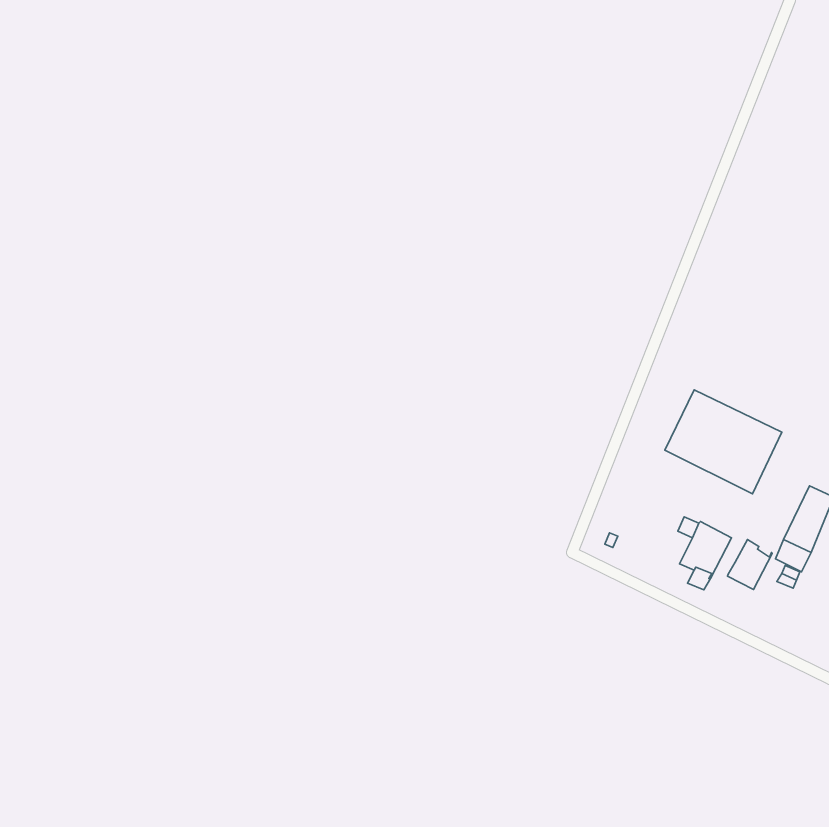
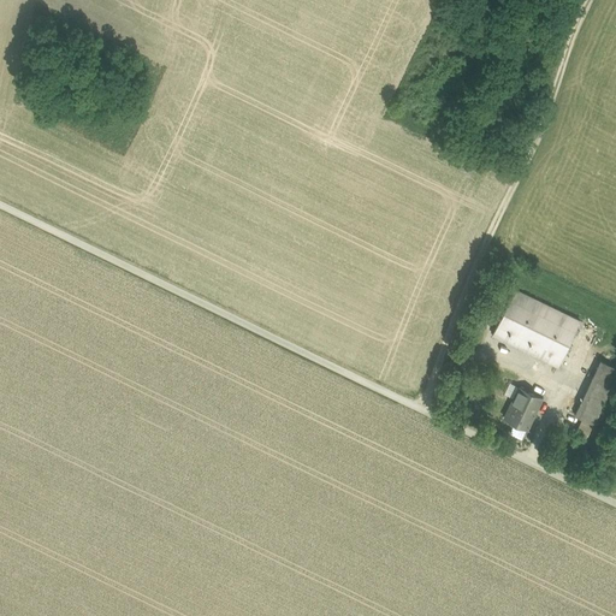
building: [728,539,772,590] -> none

